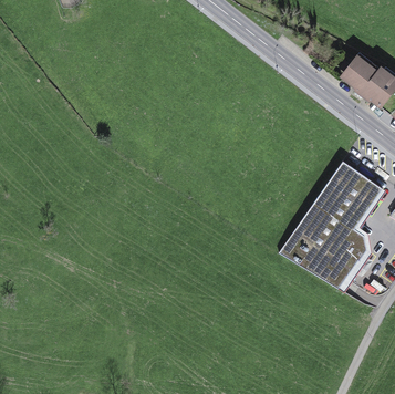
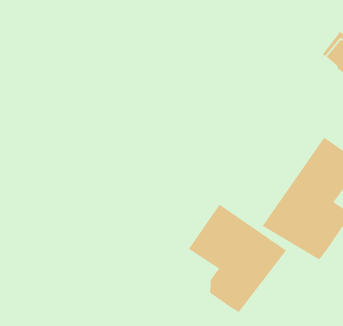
building: none -> [188,204,287,313]

